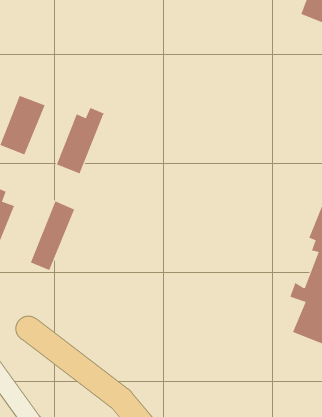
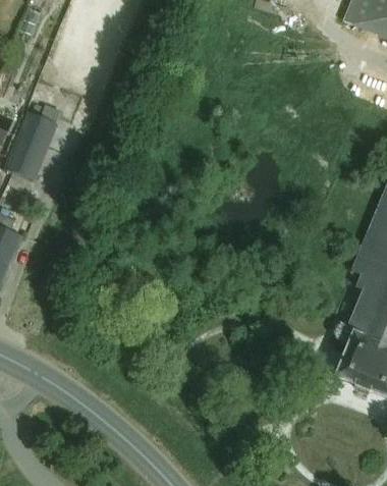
building: [56,107,104,174] -> none
building: [30,200,75,271] -> none

